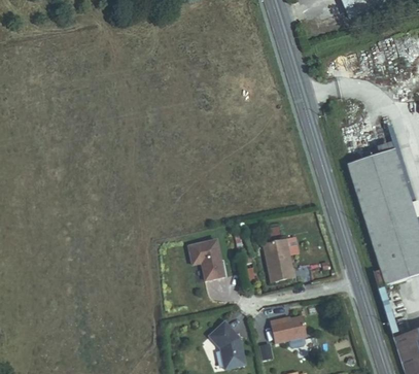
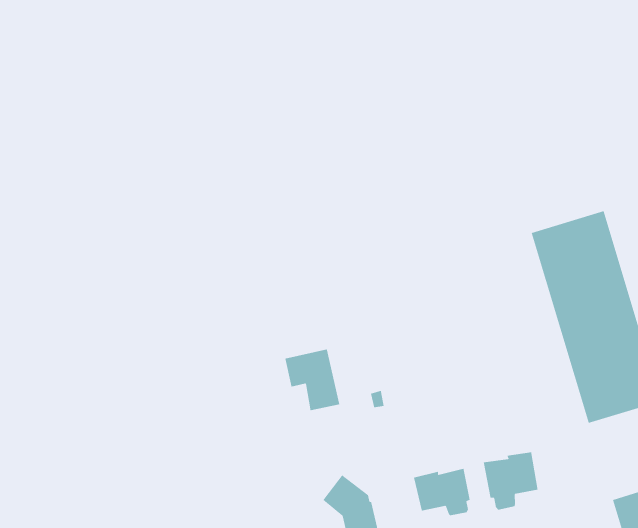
building: [257,233,292,277] -> none
building: none -> [483,452,538,510]

